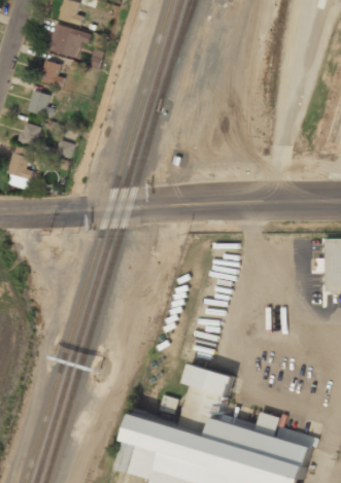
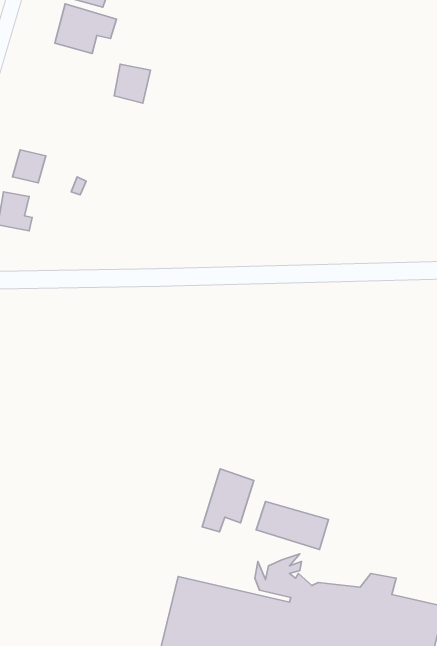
building: [39,60,64,87] -> [114,64,150,103]
building: [29,91,54,116] -> none
building: none -> [202,469,254,532]

